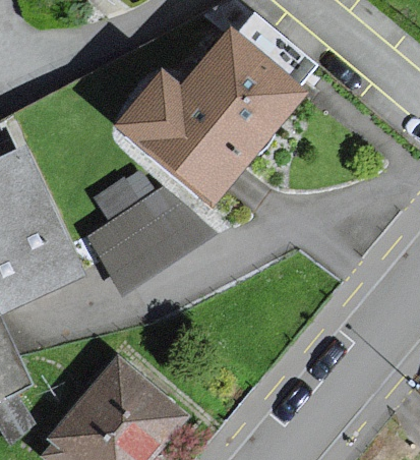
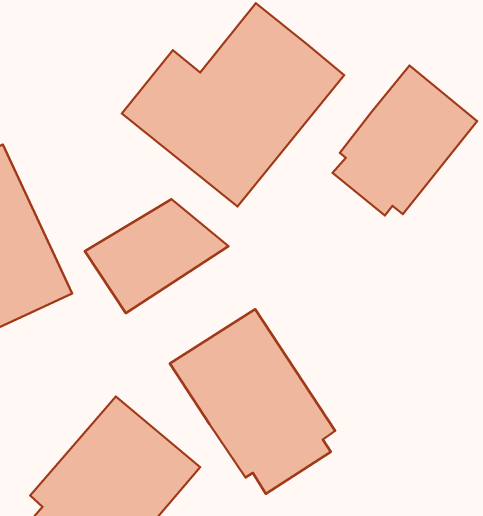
building: none -> [333,65,477,215]
building: none -> [170,309,335,494]

